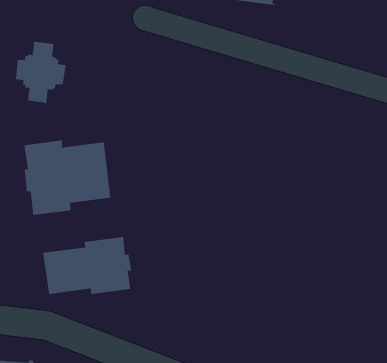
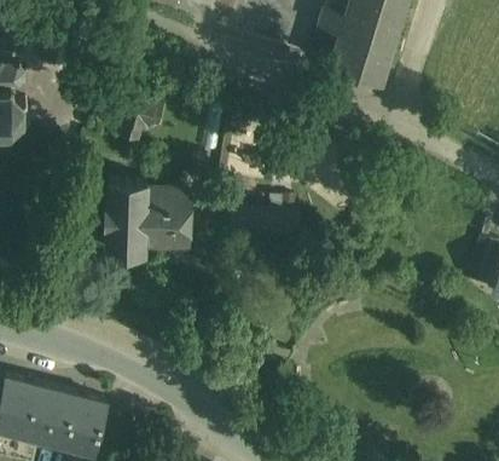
building: [43,236,132,295] -> none

